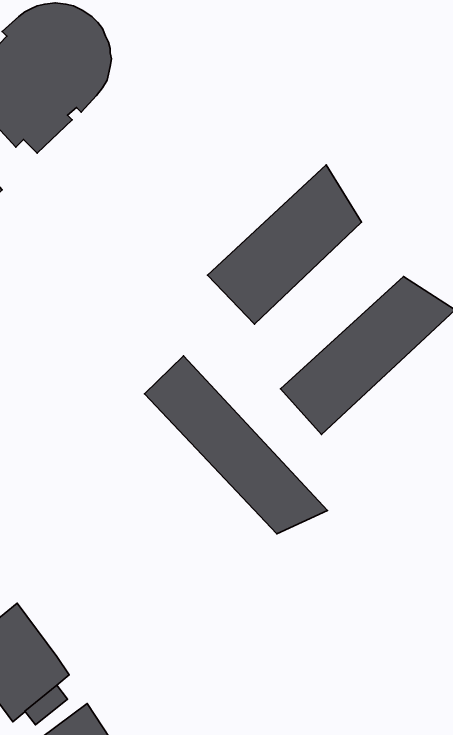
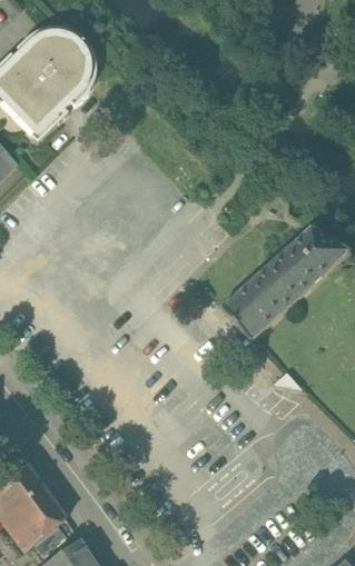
building: [208,165,361,324] -> none
building: [144,356,328,534] -> none

